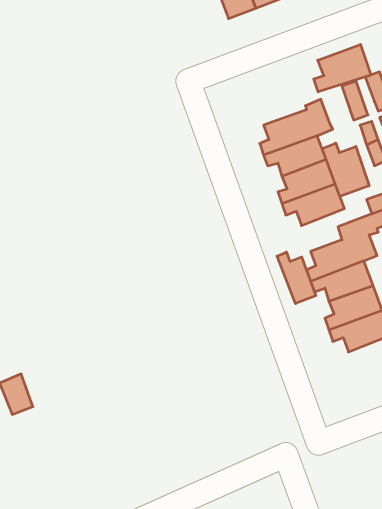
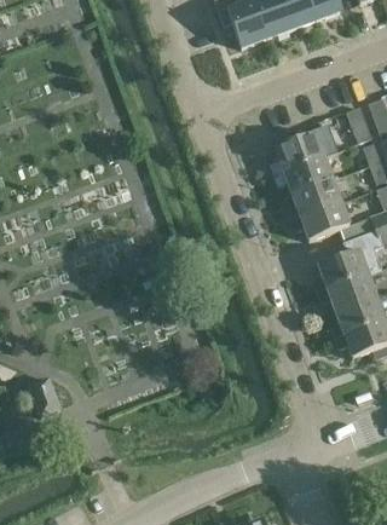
building: [314,44,371,92] -> none
building: [322,143,369,197] -> none
building: [277,252,316,304] -> none

